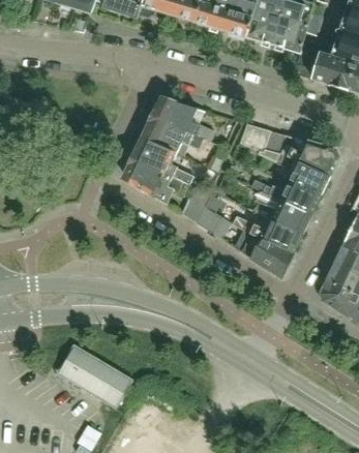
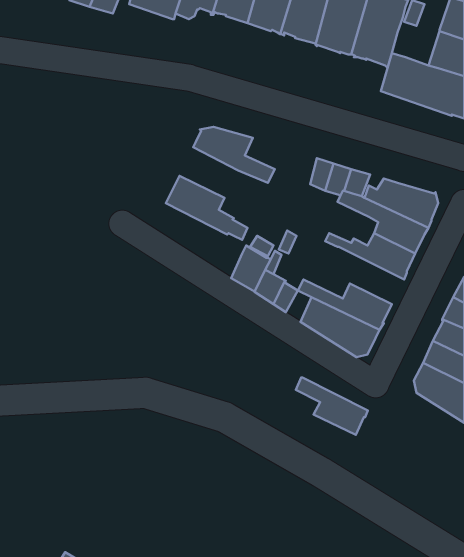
building: [142,114,209,152] -> none
building: [125,156,183,204] -> none
building: [258,189,312,233] -> [296,378,368,435]
building: [56,342,133,407] -> none

